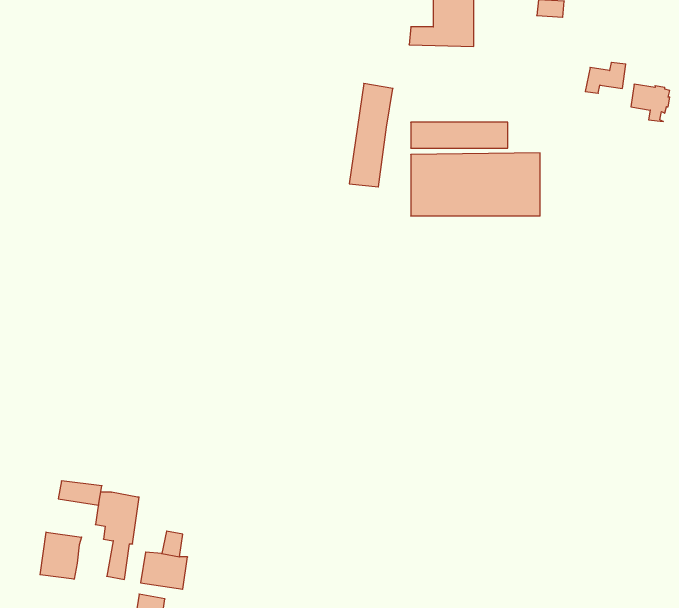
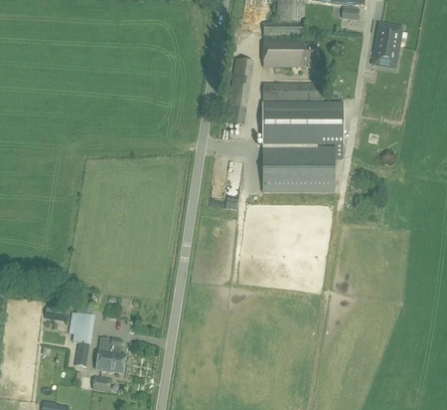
building: none -> [262,39,315,66]
building: [631,84,670,121] -> [377,23,401,46]
building: none -> [263,146,335,191]
building: [40,532,82,579] -> none

